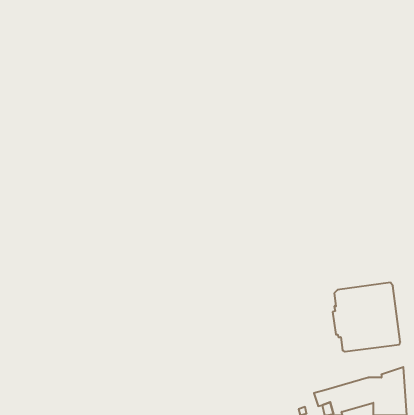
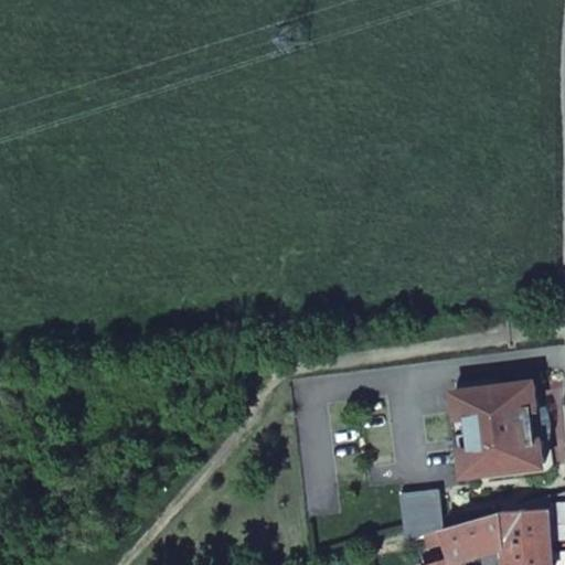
building: none -> [401,493,443,541]

